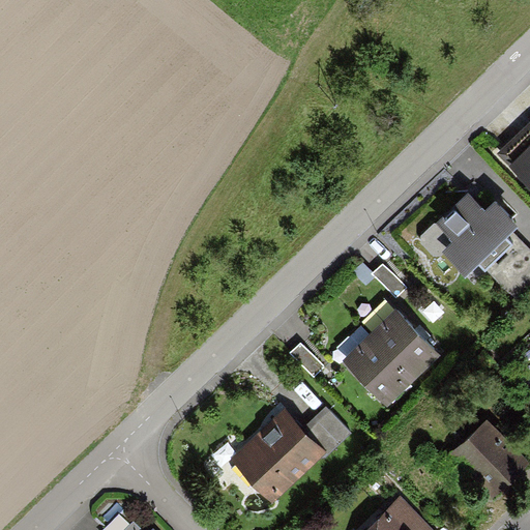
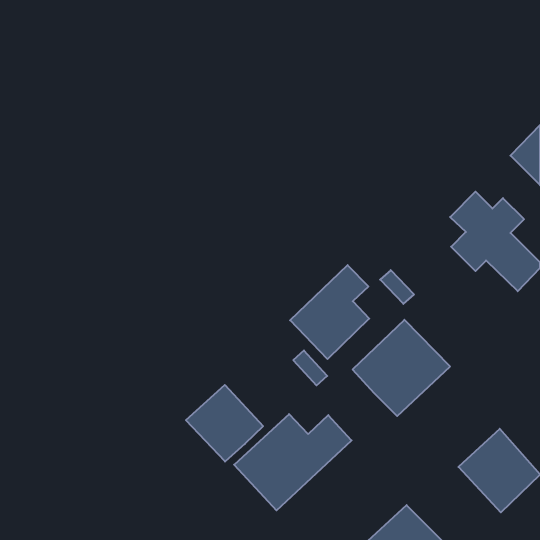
building: none -> [290,265,369,359]
building: none -> [186,385,263,462]

